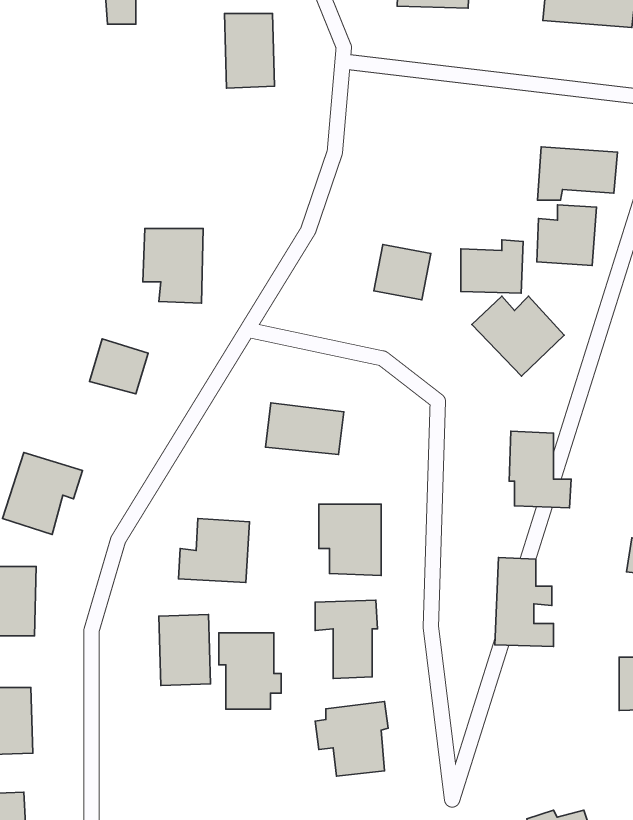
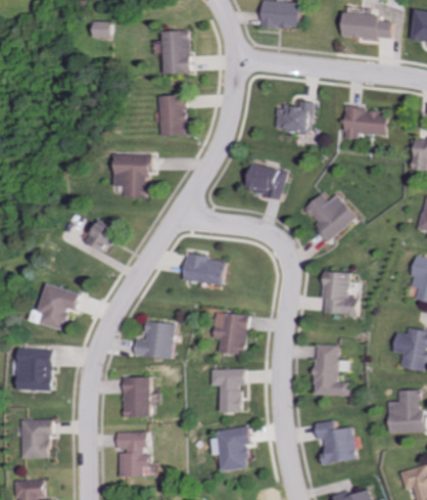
building: none -> [156,95,183,135]
building: [537,205,596,266] -> none
building: [461,240,523,293] -> [273,100,309,131]
building: [219,633,281,709] -> [116,429,152,473]
building: none -> [317,419,355,465]

